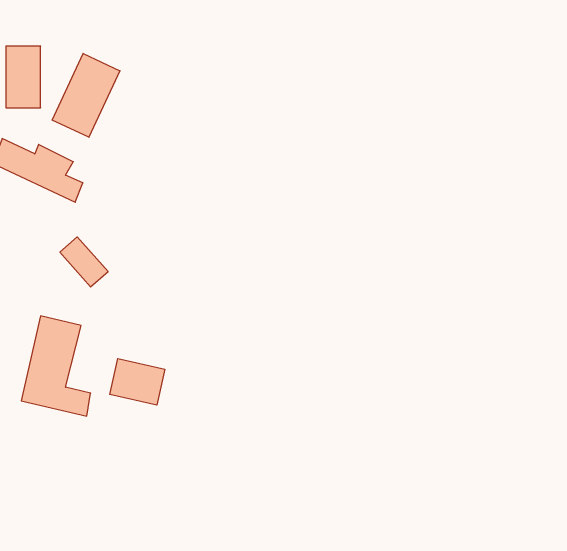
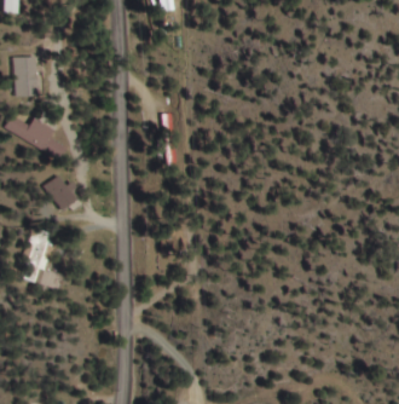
building: [52,53,120,137] -> none
building: [110,359,165,405] -> none

